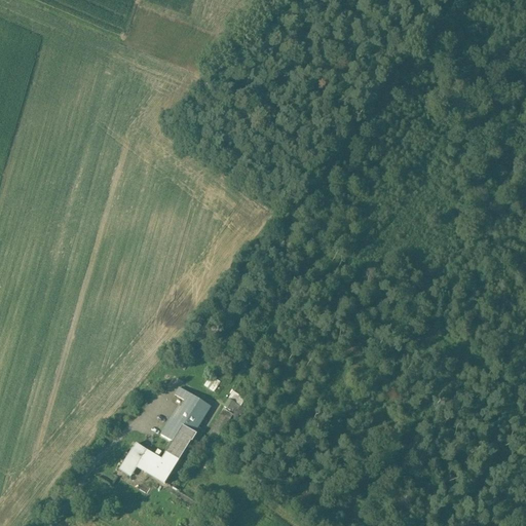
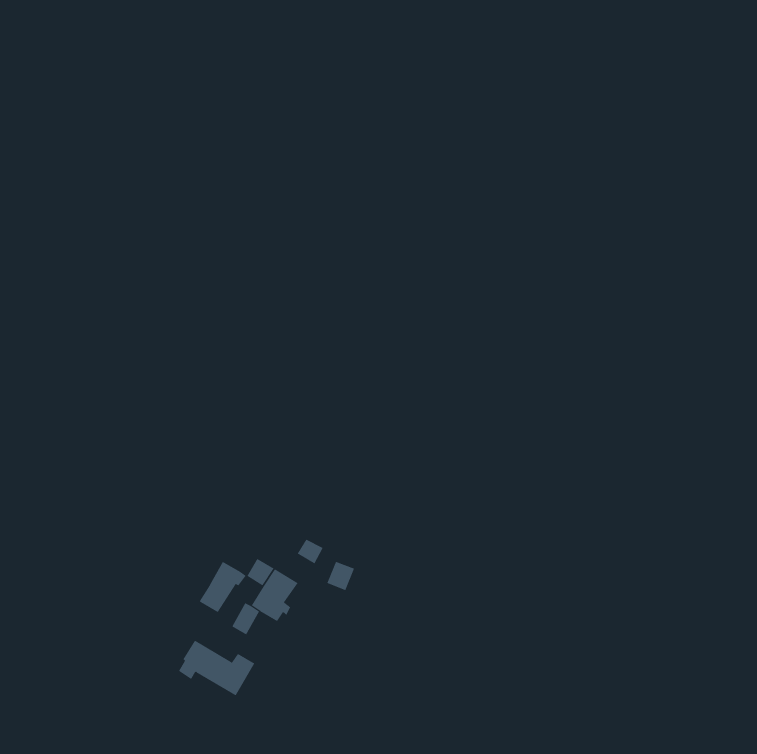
building: [164,423,197,459] -> [199,561,246,613]

